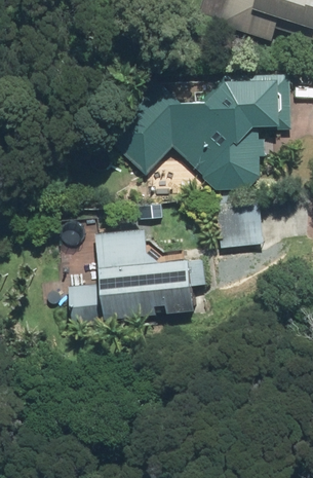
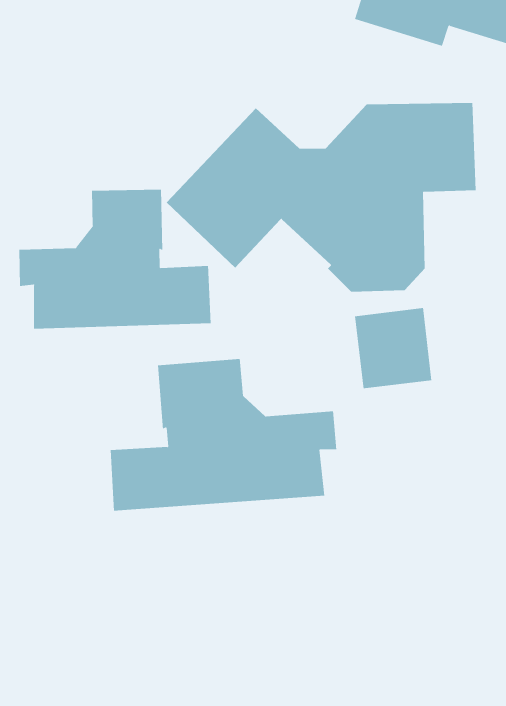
building: none -> [19,189,211,329]

